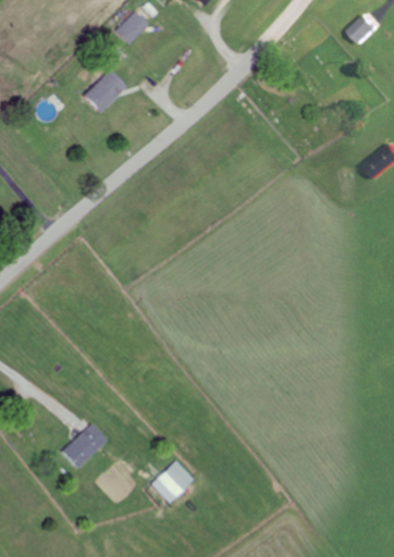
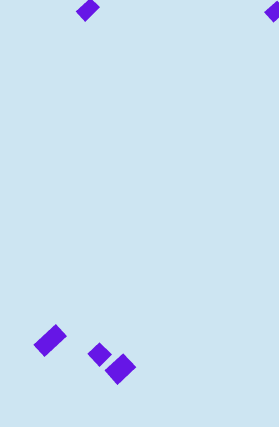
building: [79,71,122,113] -> none
building: none -> [86,342,113,368]

